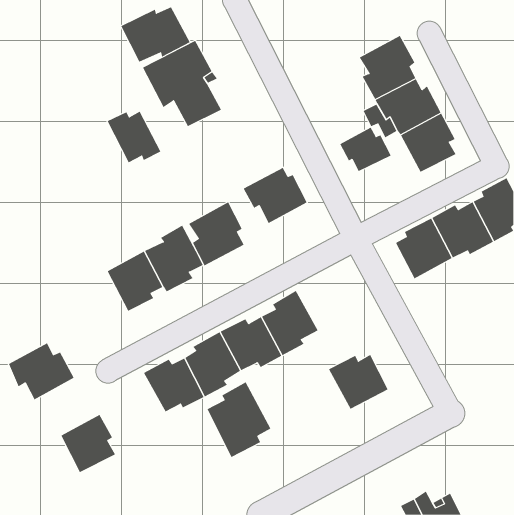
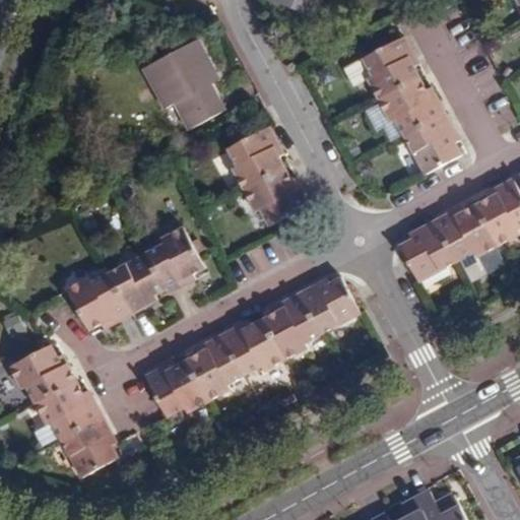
building: [120,7,191,63] -> none
building: [107,111,161,163] -> none
building: [339,127,391,172] -> none
building: [188,202,245,266] -> [229,125,285,190]
building: none -> [66,273,129,330]
building: [328,354,389,410] -> [299,277,360,333]
building: none -> [35,381,101,439]
building: [207,382,271,458] -> none

